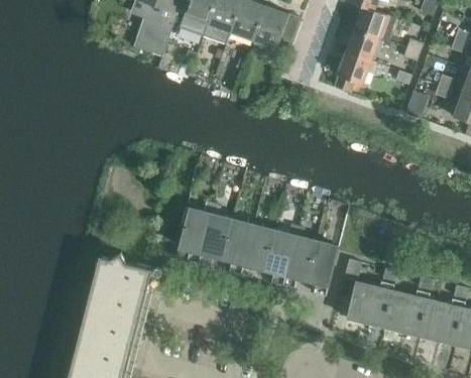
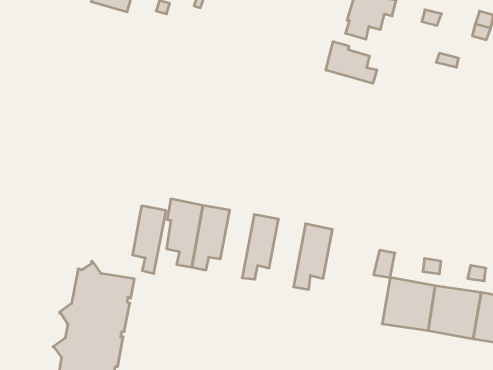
building: none -> [326,42,377,83]
building: [222,219,251,273] -> [132,206,166,274]
building: [260,229,291,283] -> none
building: [303,240,338,295] -> none

